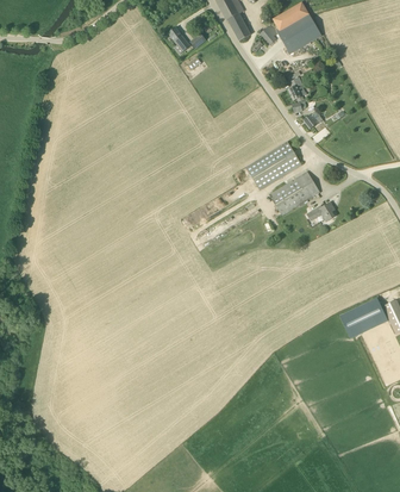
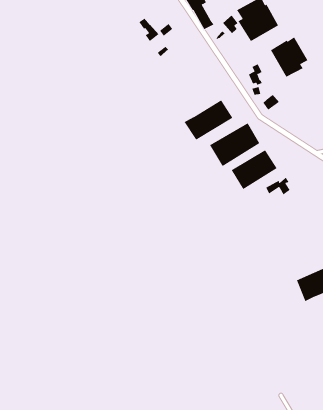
building: none -> [270,36,308,77]
building: none -> [184,99,233,141]

